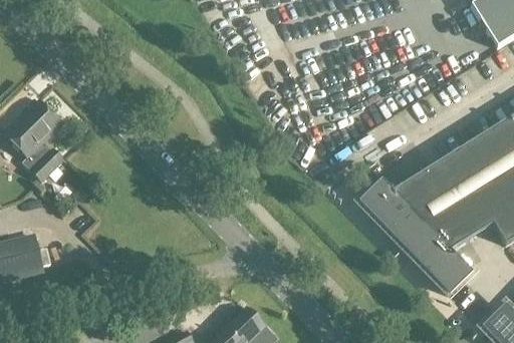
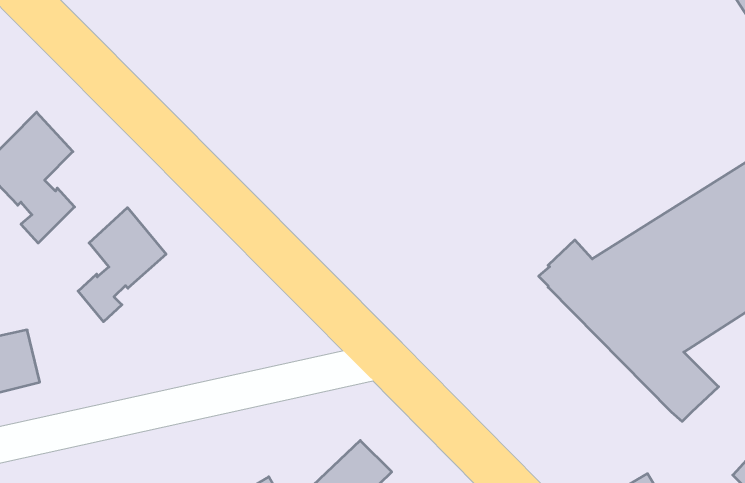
building: none -> [78,208,166,322]

